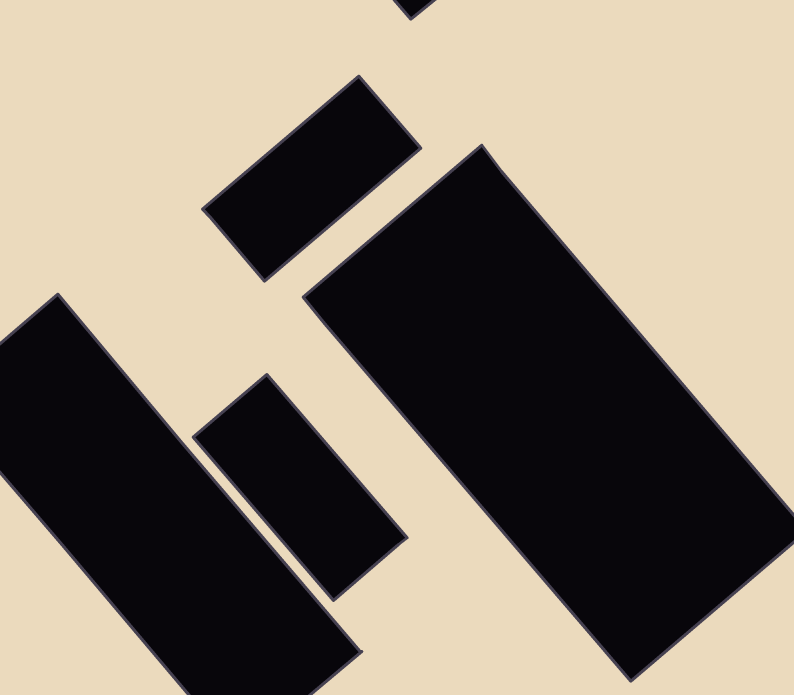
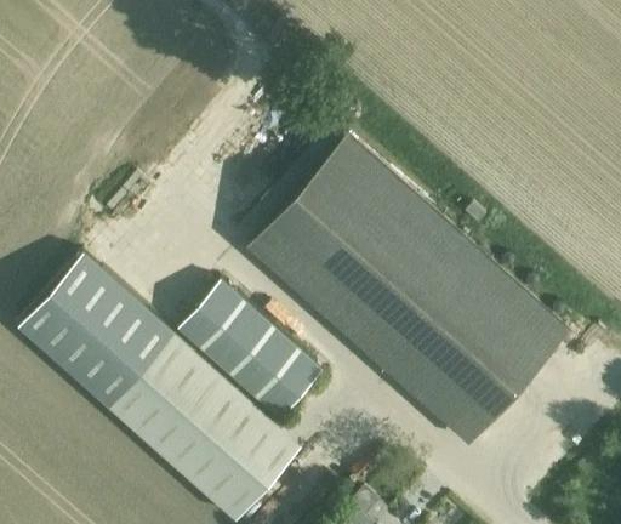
building: [203,76,421,281] -> none

